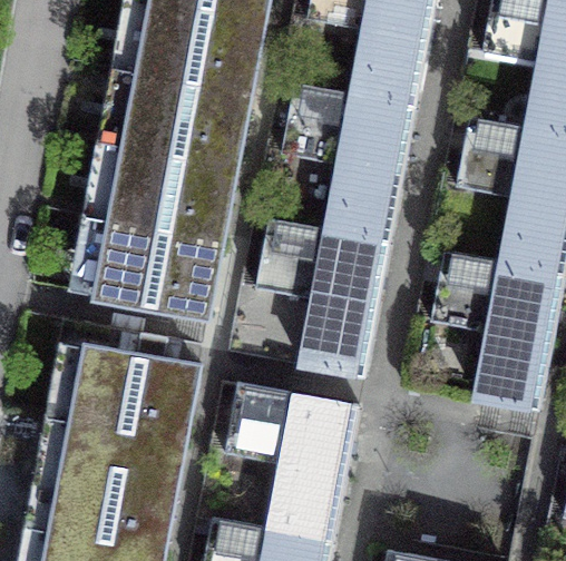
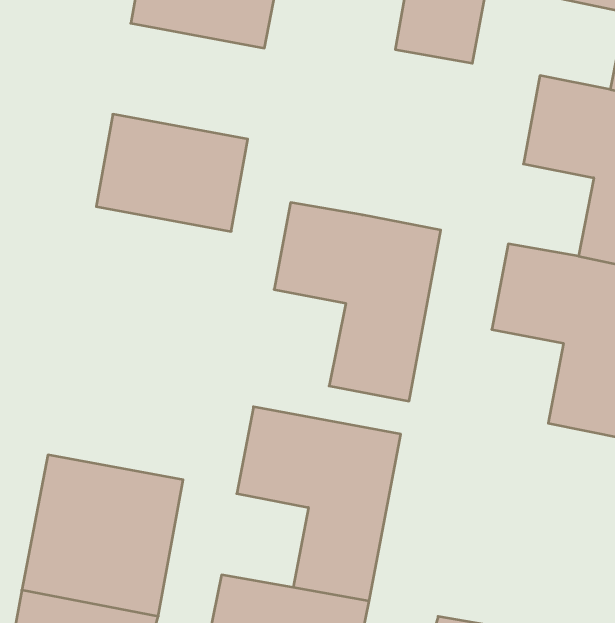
building: [124,71,246,165] -> none
building: [280,81,414,238] -> none
building: [97,219,219,313] -> none
building: [71,322,195,440] -> none

